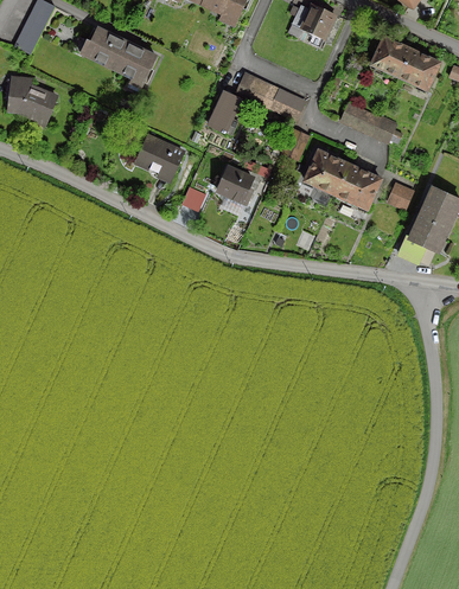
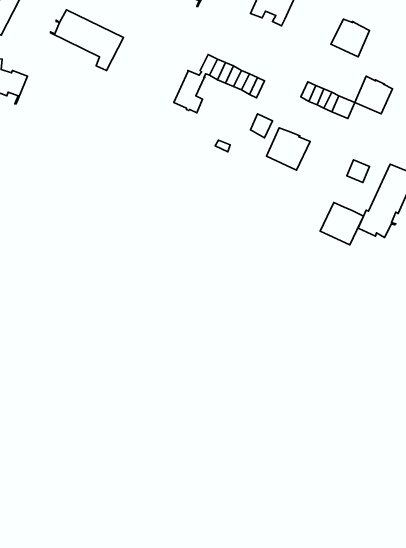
building: [400,49,439,88] -> [355,76,393,114]
building: [132,130,183,179] -> none
building: [336,164,381,207] -> [320,202,364,245]
building: [217,166,253,201] -> none

